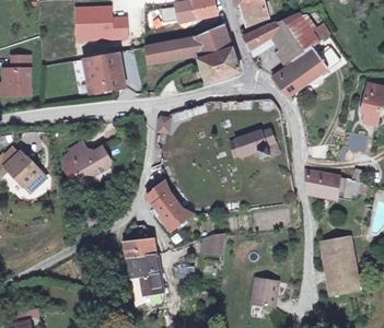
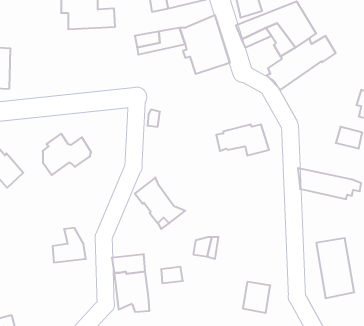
building: [86,51,126,92] -> none
building: [125,223,156,256] -> [53,228,86,262]

